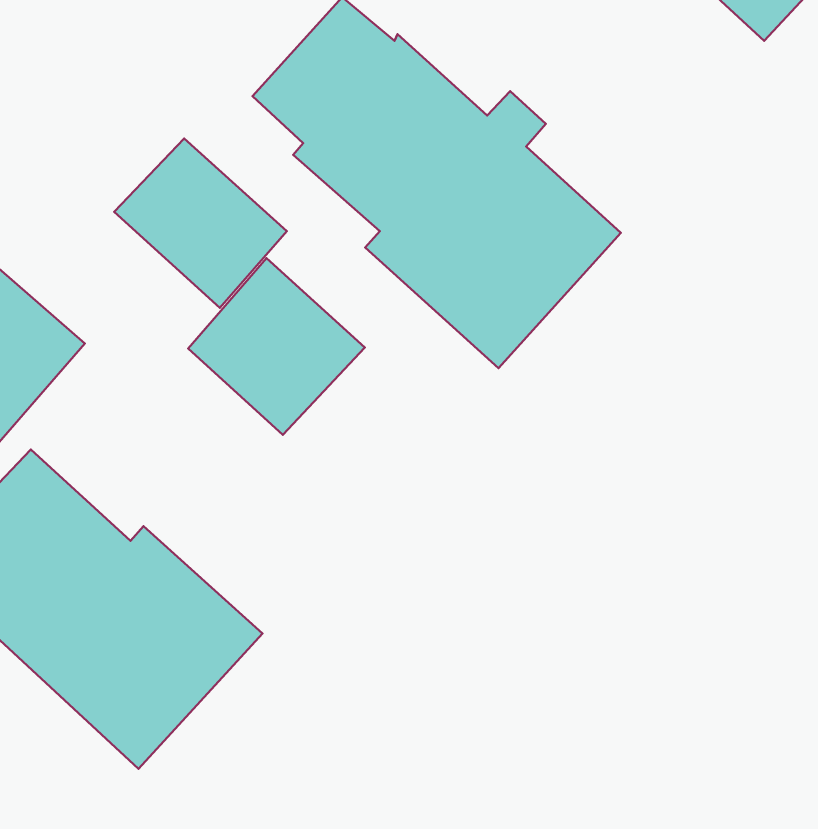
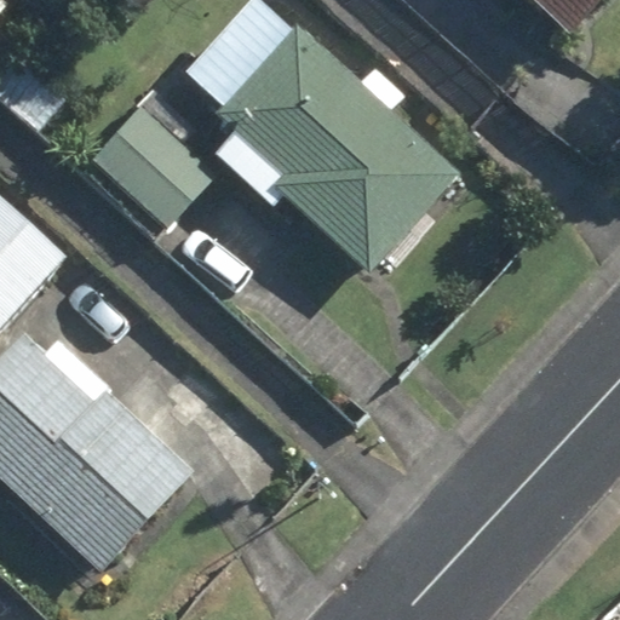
building: [188,258,365,435] -> none

